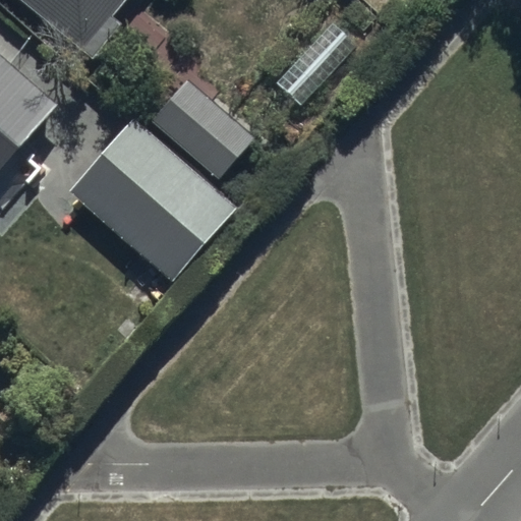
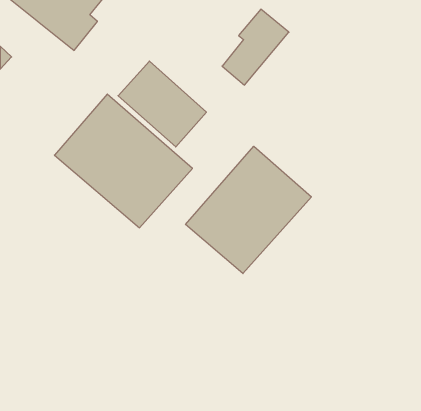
building: none -> [186,146,311,274]

